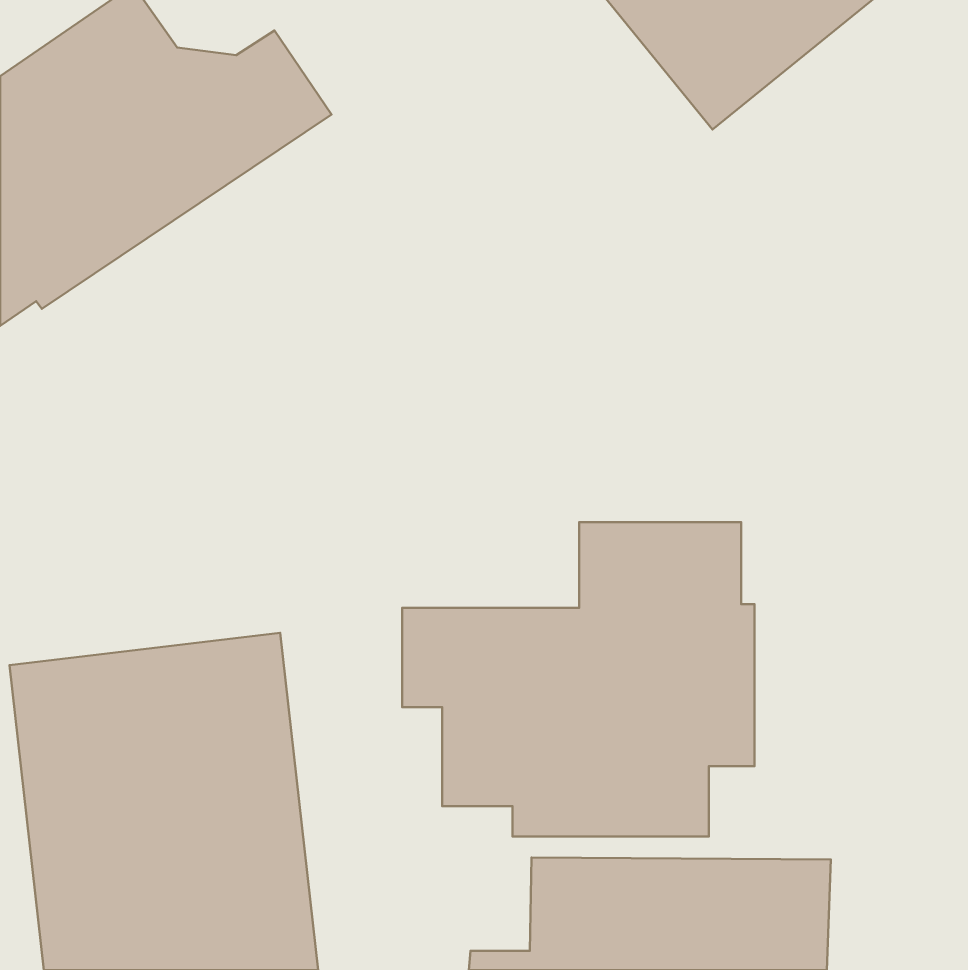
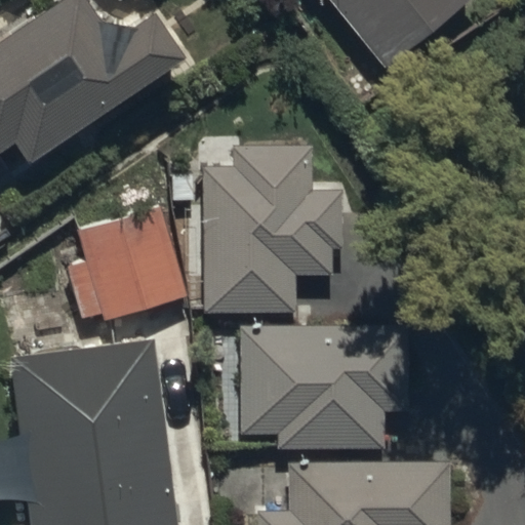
building: none -> [203,146,342,313]
building: none -> [68,177,188,321]

